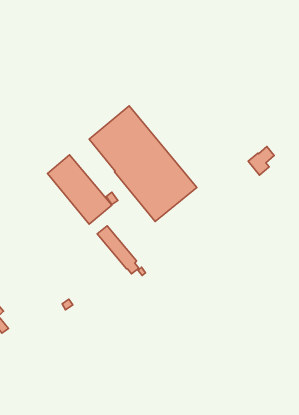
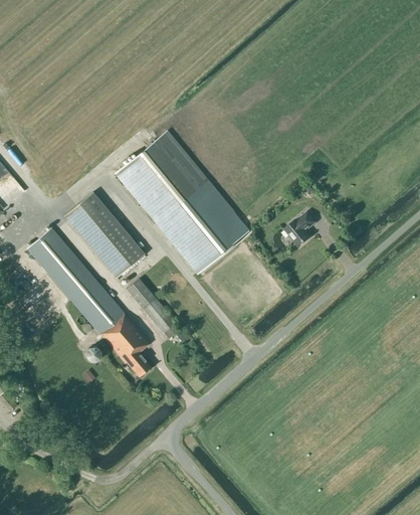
building: [248,147,274,175] -> [284,210,317,245]
building: none -> [27,228,151,377]

